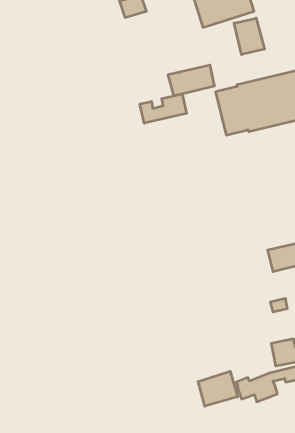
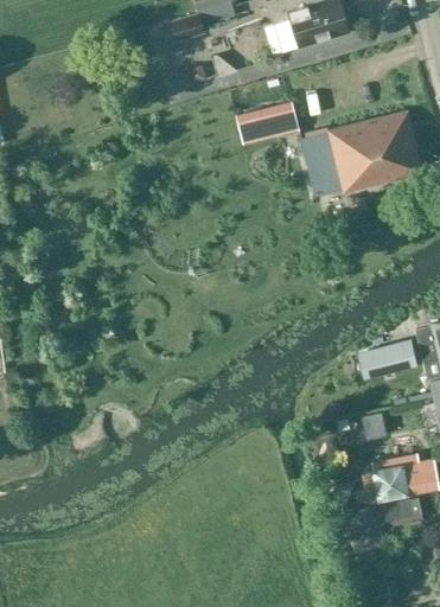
building: [234,18,265,55] -> none
building: [140,94,187,123] -> none
building: [198,371,238,406] -> none

